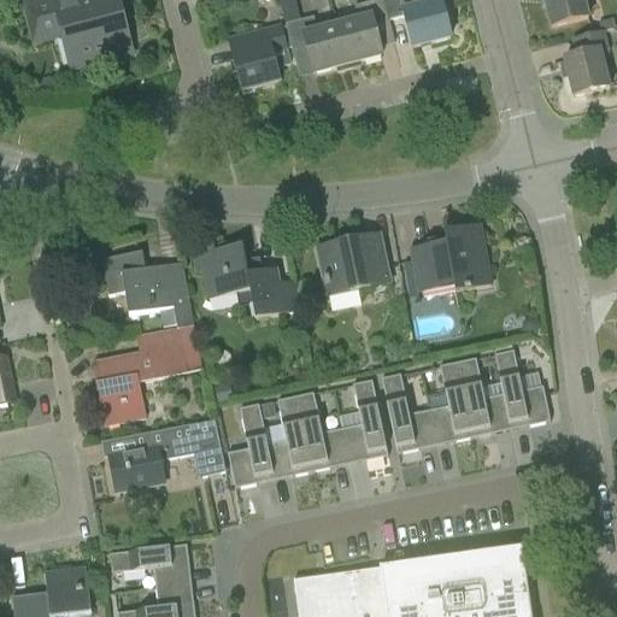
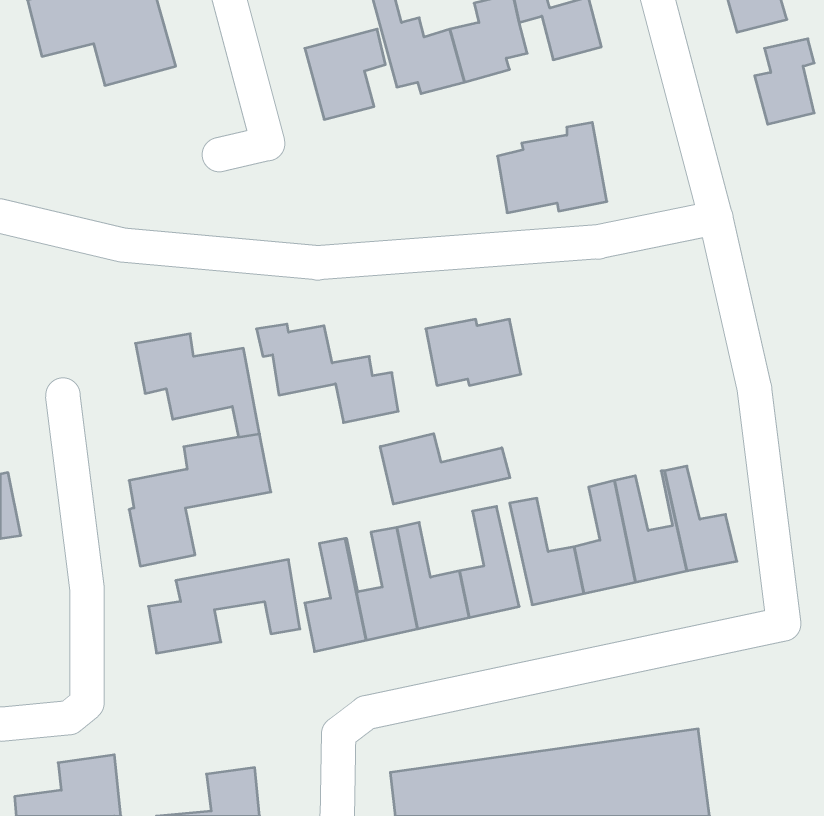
building: [410,223,492,290] -> [497,122,607,213]
building: none -> [380,434,510,504]
building: [110,542,190,578] -> none

